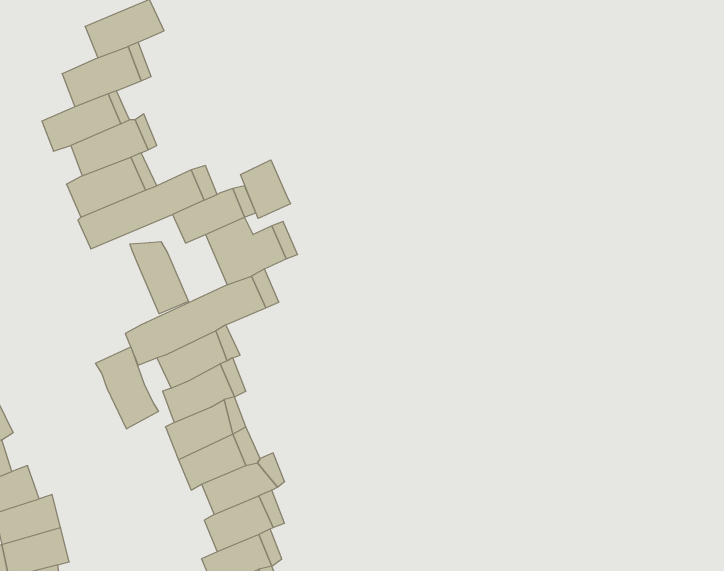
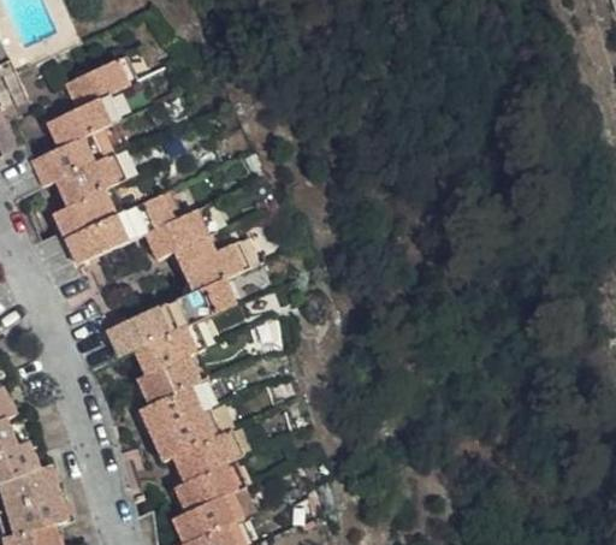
building: [240,160,290,218] -> none
building: [130,242,188,314] -> none
building: [96,347,158,429] -> none

